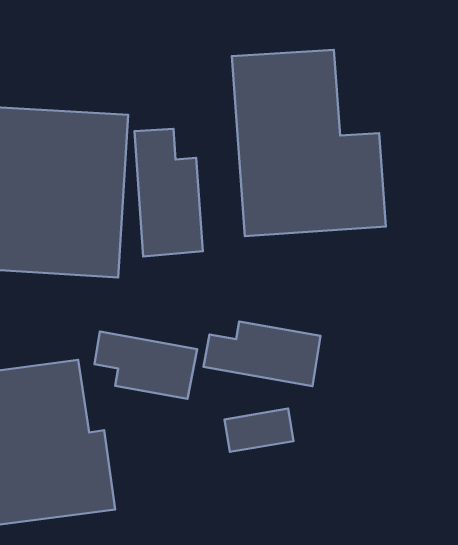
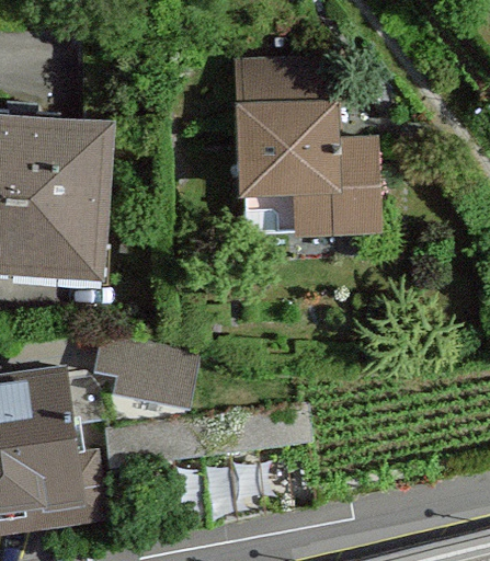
building: [135,129,203,257] -> none
building: [203,322,320,386] -> none

